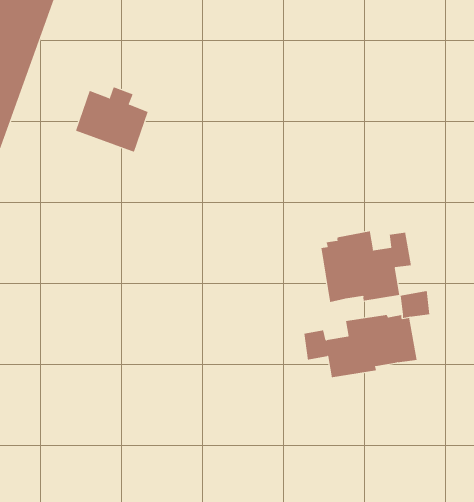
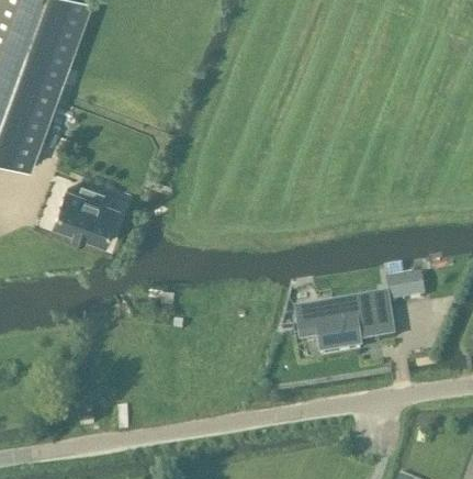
building: [75,87,149,152] -> [55,182,119,239]
building: [321,230,412,303] -> none

